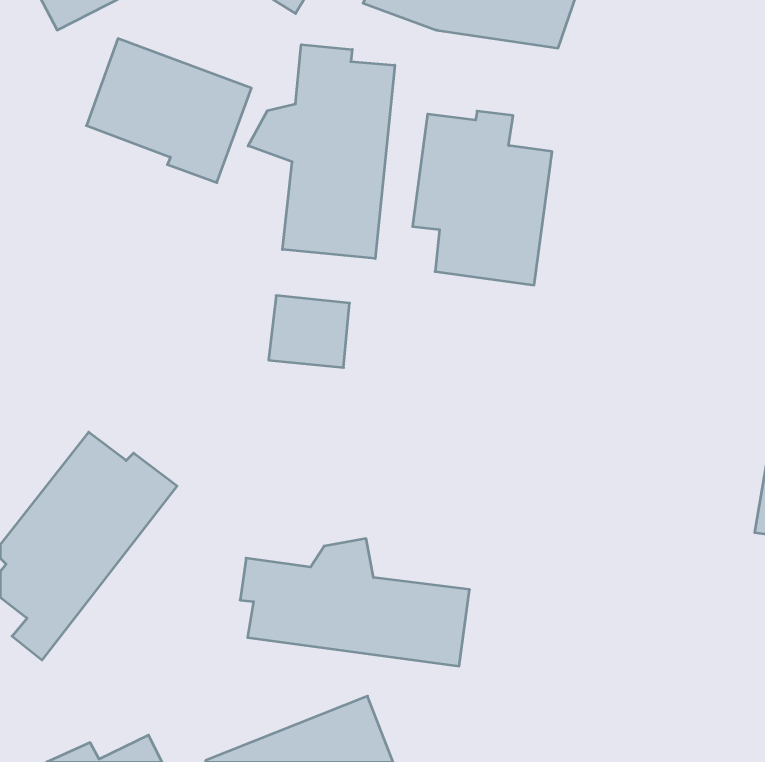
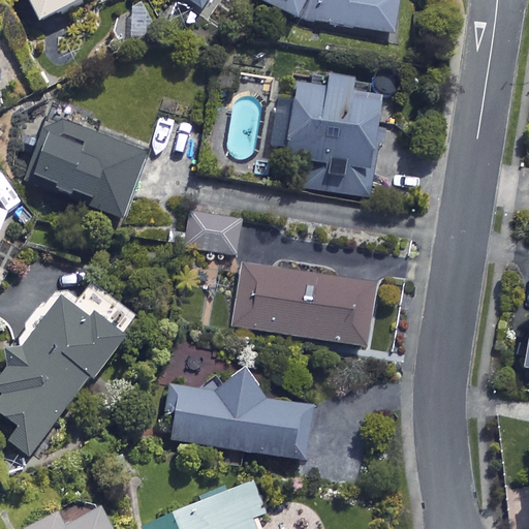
building: [86,39,251,183] -> [31,117,145,216]
building: [248,45,395,259] -> none
building: none -> [235,262,374,345]

